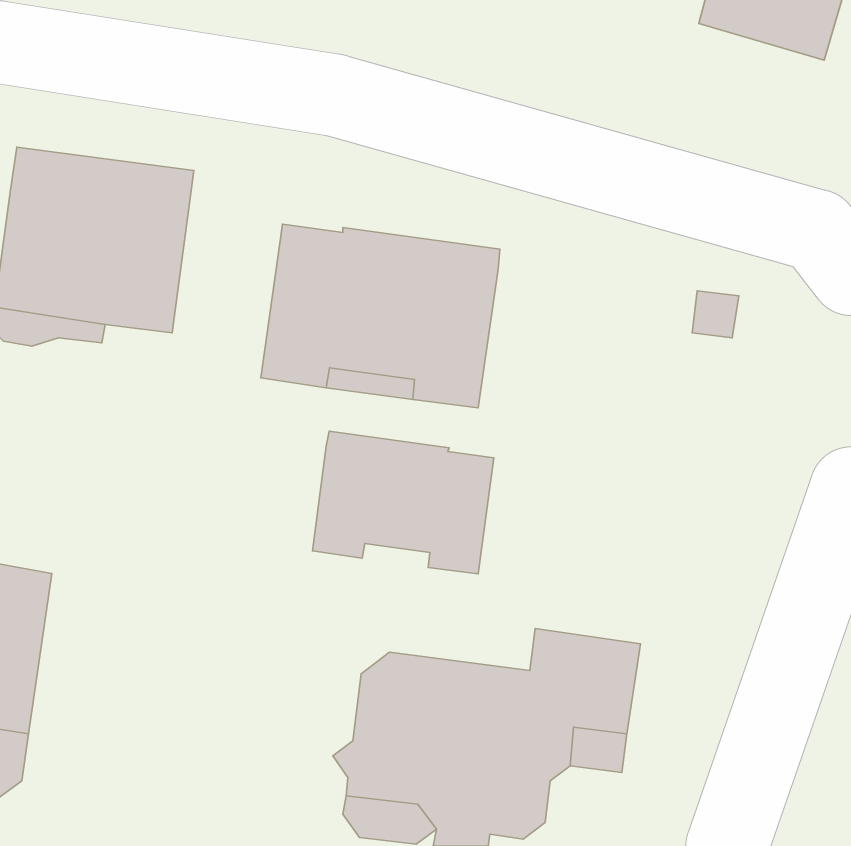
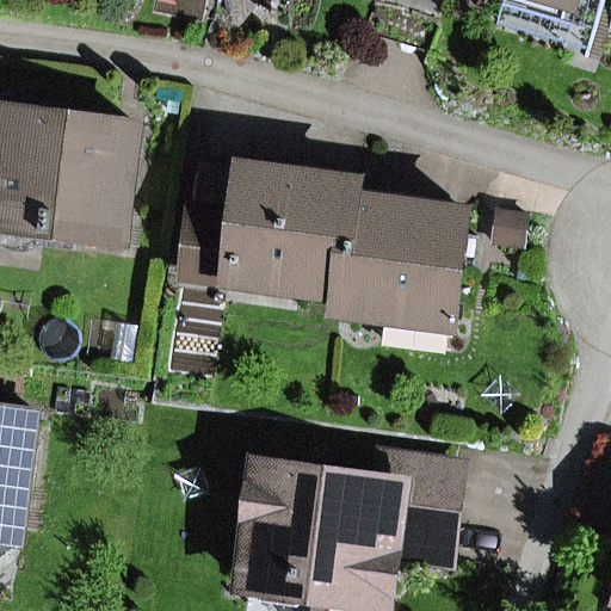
building: none -> [339,192,468,344]
building: [312,431,494,574] -> none

